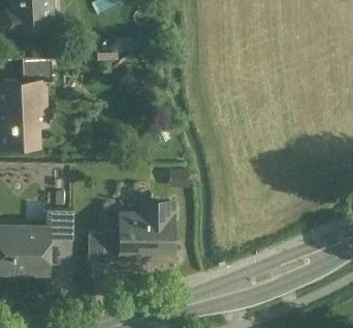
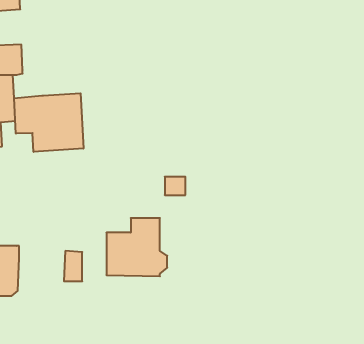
building: none -> [14,93,83,152]
building: [47,209,73,239] -> none
building: [103,230,125,258] -> none

